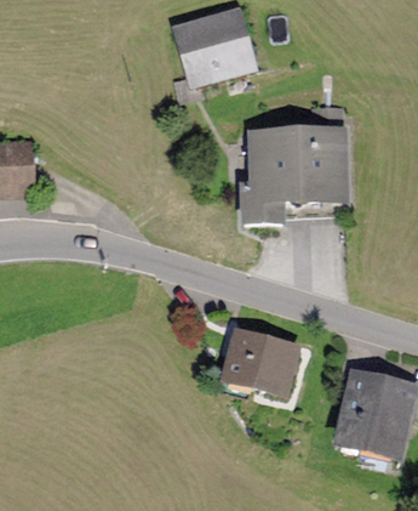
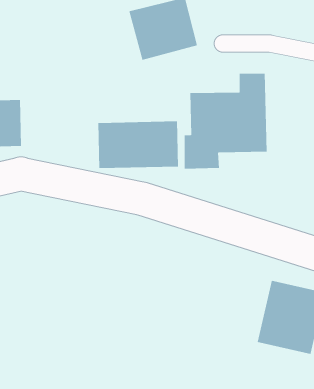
building: none -> [98,120,178,169]
building: [219,327,300,397] -> none

